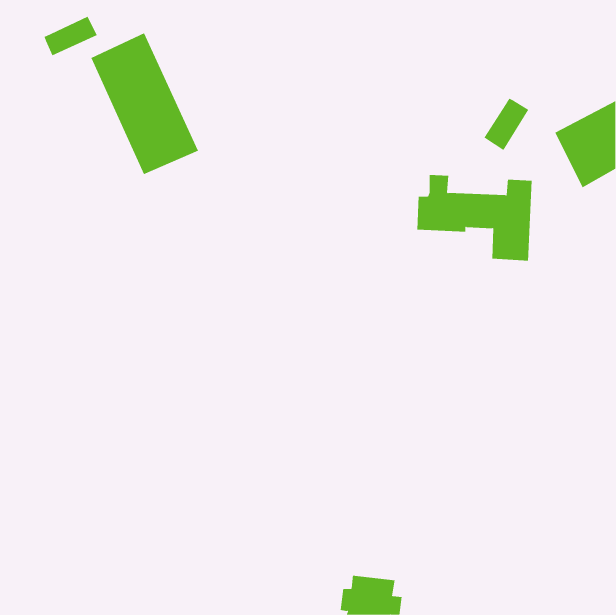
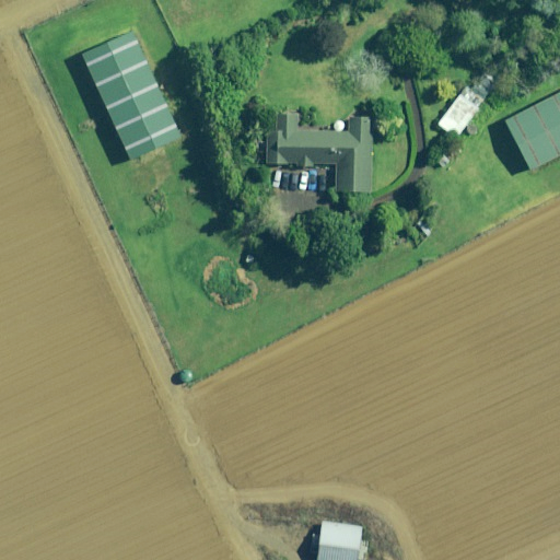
building: [44,16,98,56] -> none
building: [417,174,532,261] -> [267,113,372,191]

